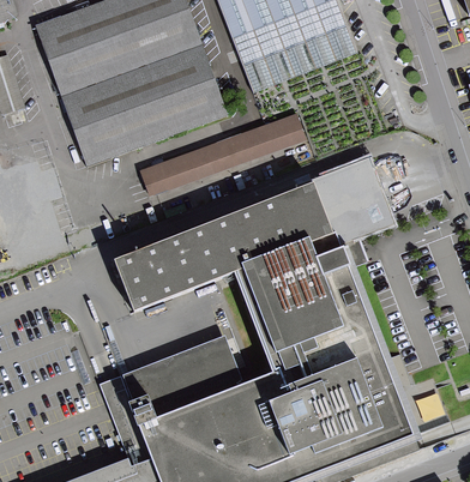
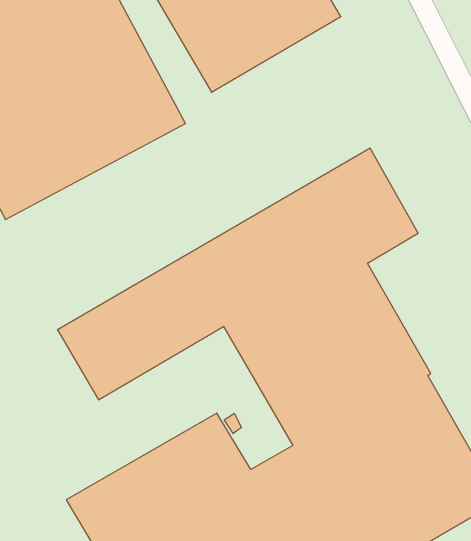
building: [141,114,303,194] -> none

